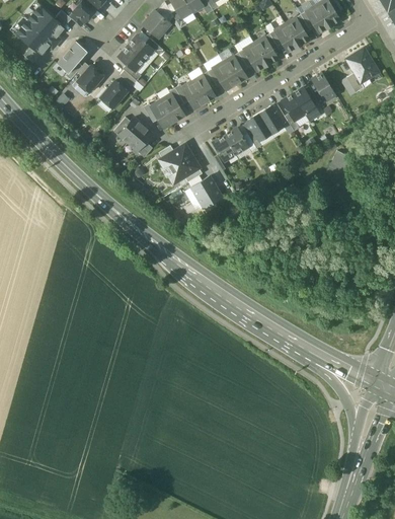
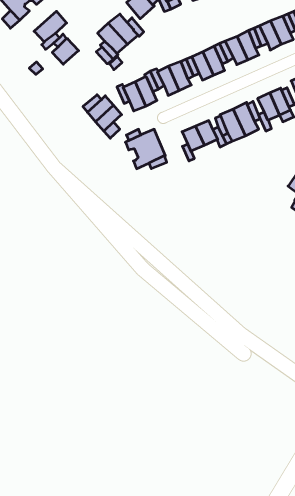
building: [99,80,127,107] -> none
building: [190,175,221,207] -> none

